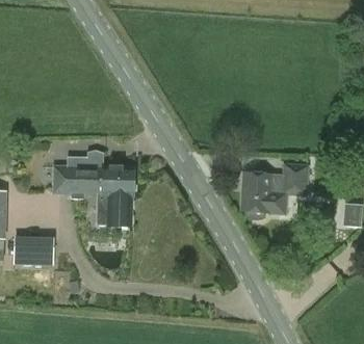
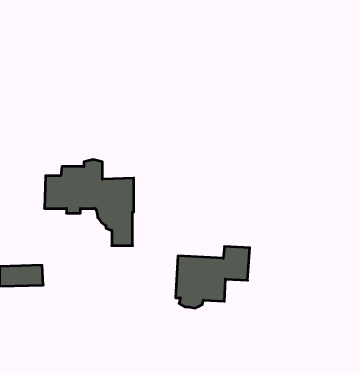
building: [241,165,308,220] -> [176,247,250,308]

